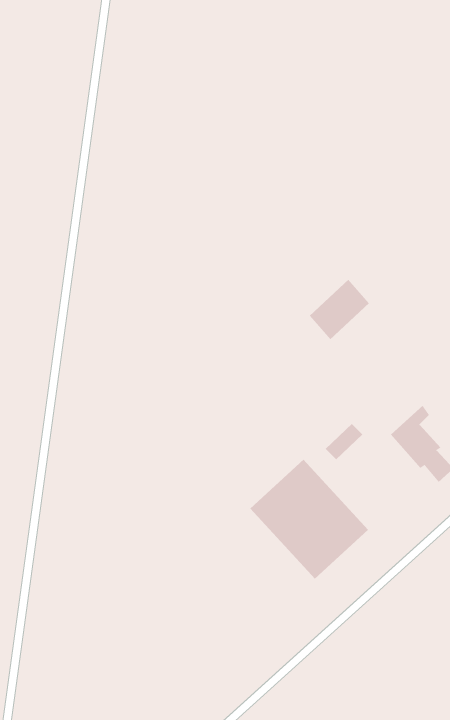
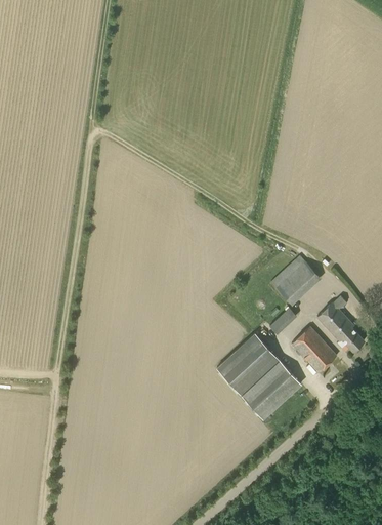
building: [309,279,370,340] -> [277,261,321,306]
building: none -> [291,327,337,373]

